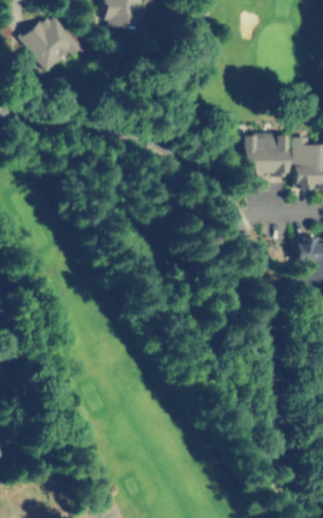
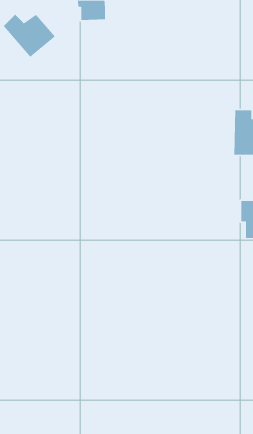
building: [235,131,285,174] -> none

